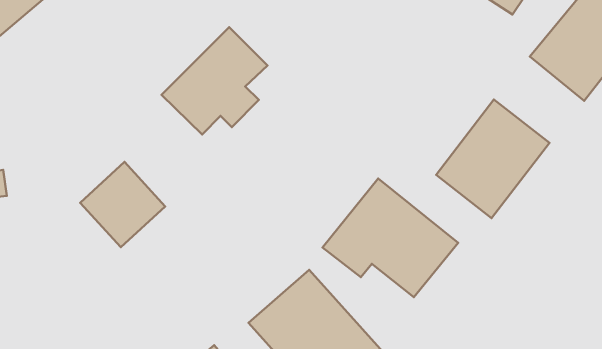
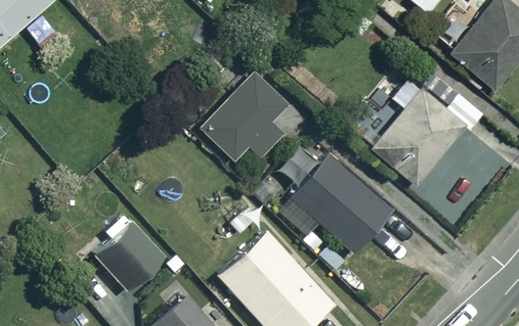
building: [161,27,267,134] -> [201,73,289,161]
building: [80,162,165,247] -> [94,221,165,291]

